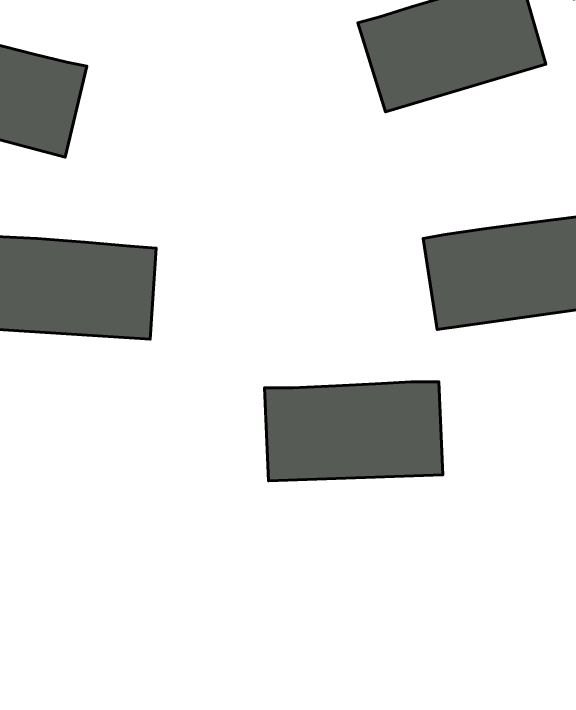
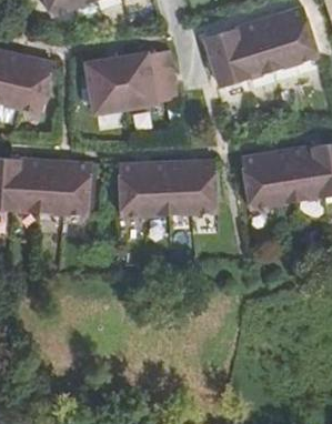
building: none -> [85,49,178,112]
building: [265,382,443,481] -> [118,160,218,215]

